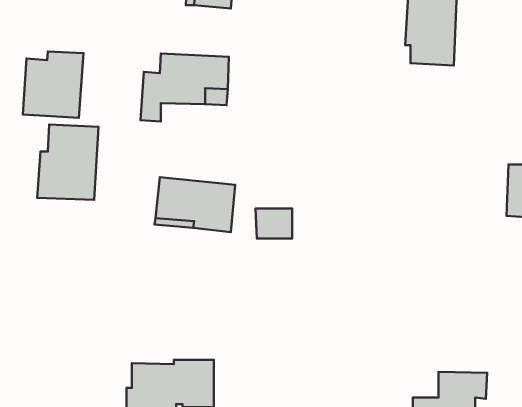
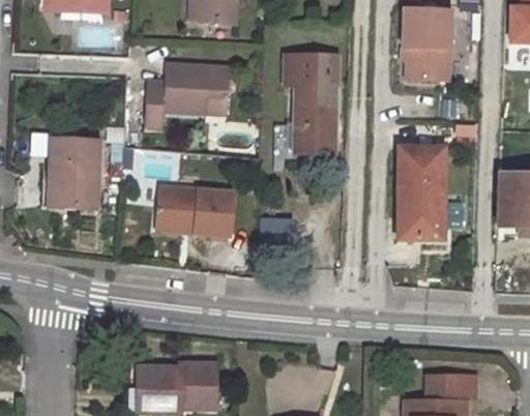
building: none -> [282,52,336,150]
building: [23,52,83,118] -> none
building: none -> [396,147,442,237]

